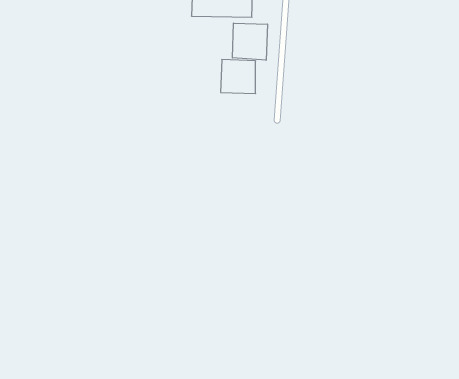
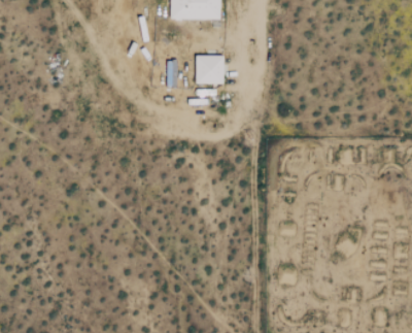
building: [232,23,267,60] -> none

